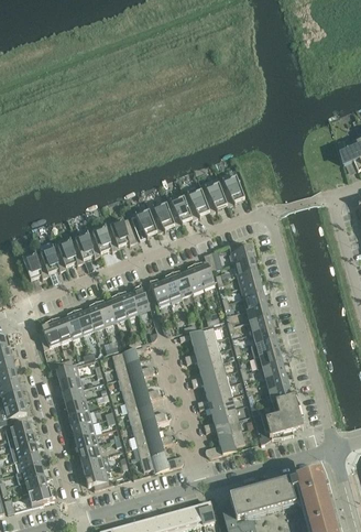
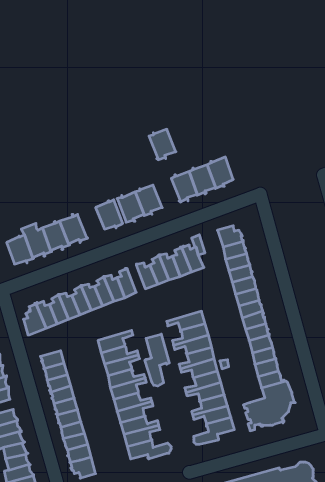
building: [166,194,193,224] -> [149,129,176,160]
building: [92,222,119,251] -> none
building: none -> [145,334,169,386]

